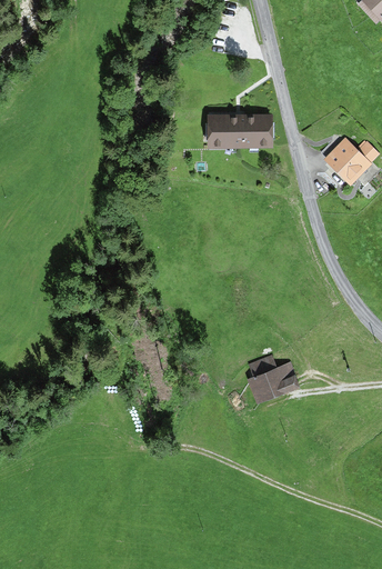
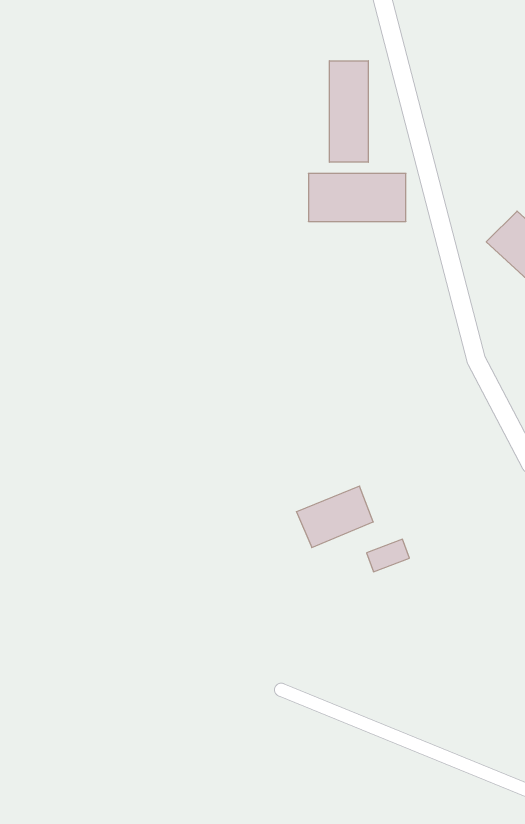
building: none -> [329,61,368,162]
building: [247,362,296,402] -> [296,486,373,548]

